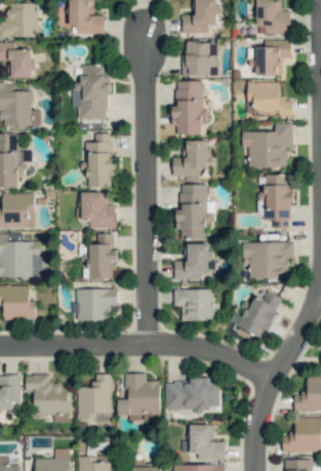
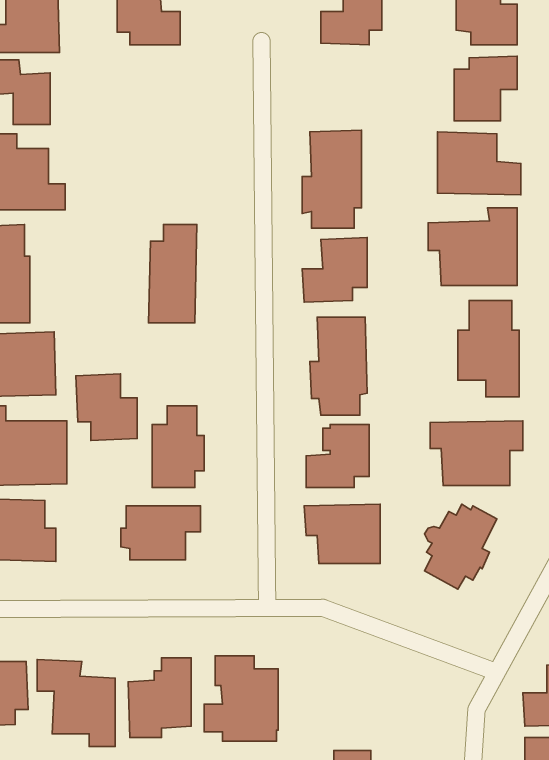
building: [184,42,218,77] -> none
building: [73,65,112,120] -> none
building: [82,192,116,229] -> [76,374,137,441]
building: [164,378,219,414] -> none

